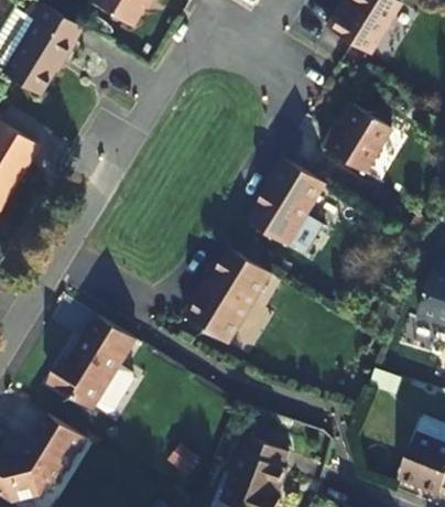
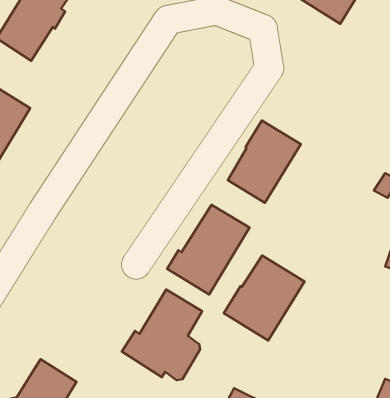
building: [323,105,393,174] -> none
building: none -> [224,256,304,341]
building: [51,316,137,413] -> [122,290,202,380]

